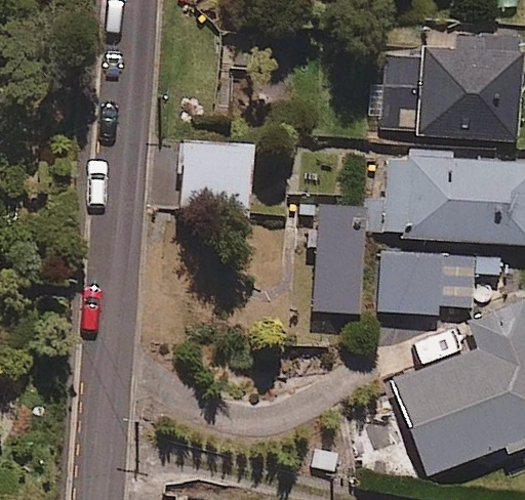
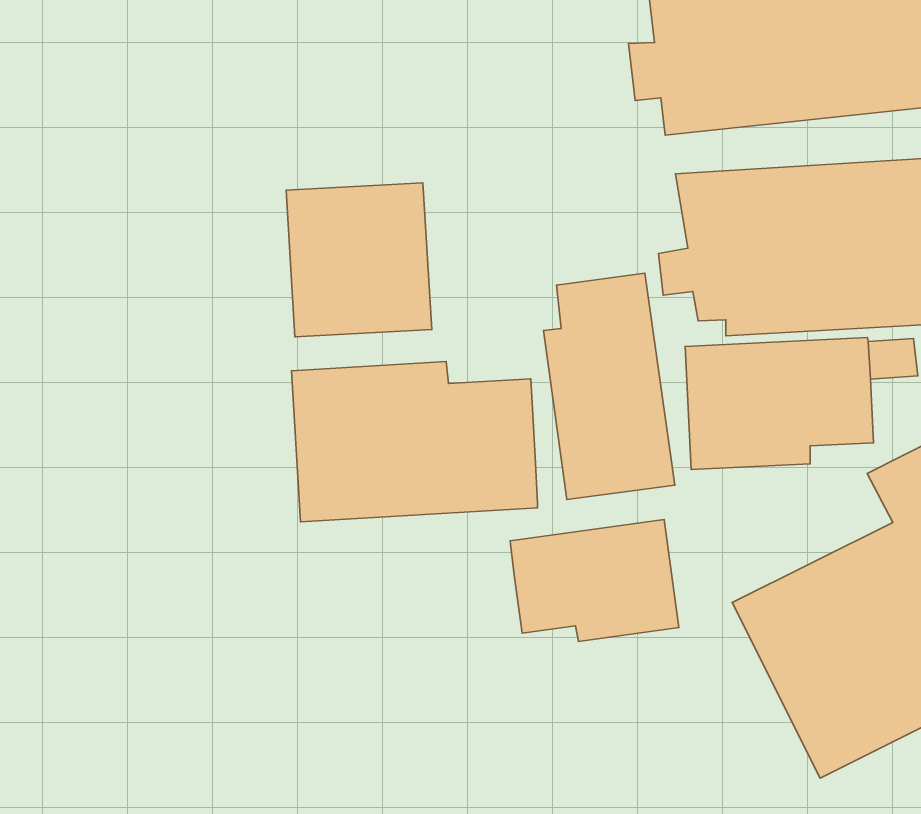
building: none -> [292,361,537,522]
building: none -> [510,520,679,641]

